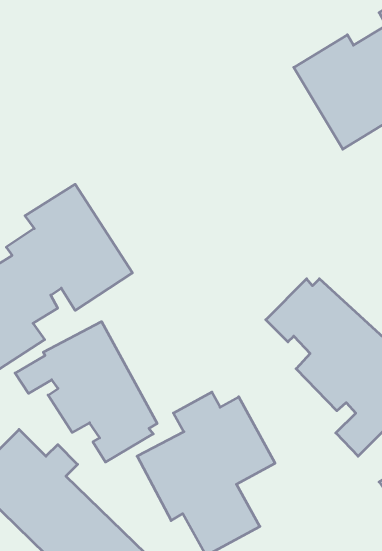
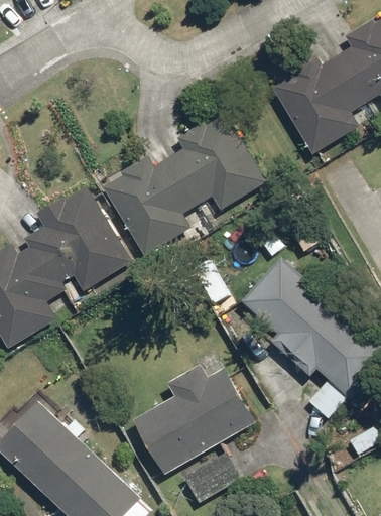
building: none -> [101,113,265,255]
building: [15,322,157,462] -> none

